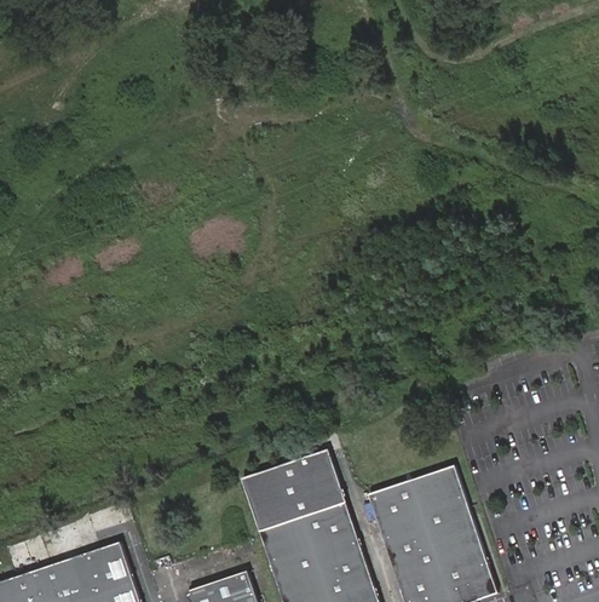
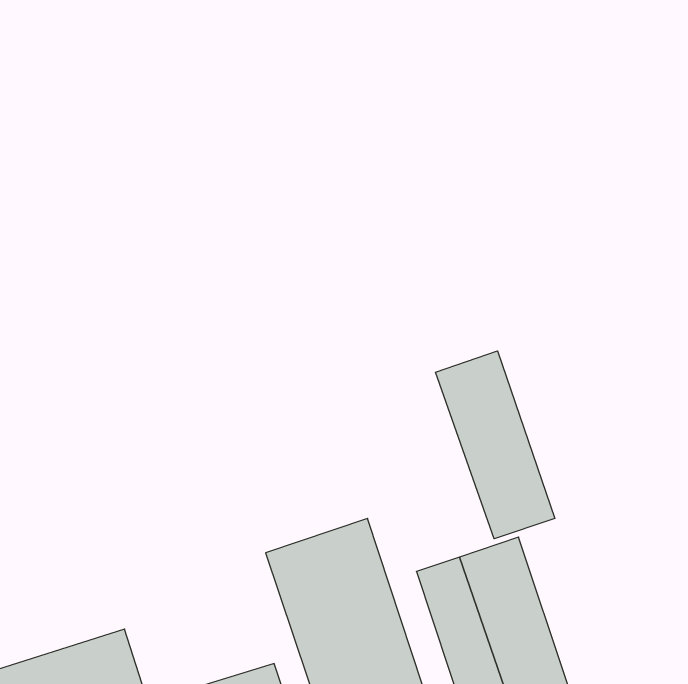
building: none -> [435,351,555,539]

